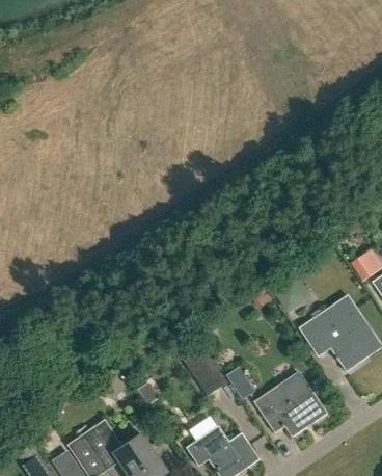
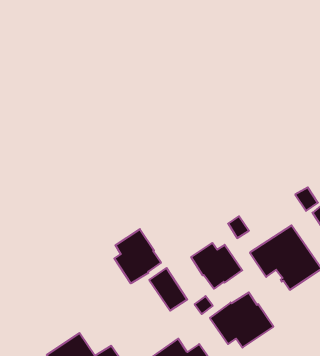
building: none -> [114,229,161,283]
building: none -> [191,243,242,289]

